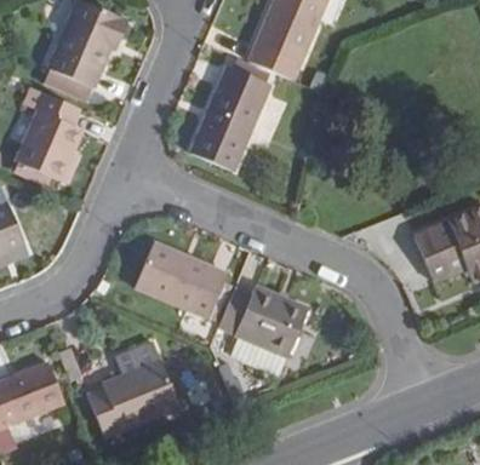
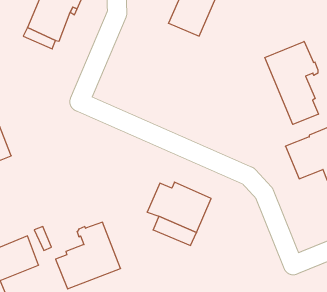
building: [189,64,270,170] -> none
building: [13,85,80,180] -> none
building: none -> [265,41,318,124]
building: [136,242,227,318] -> none

